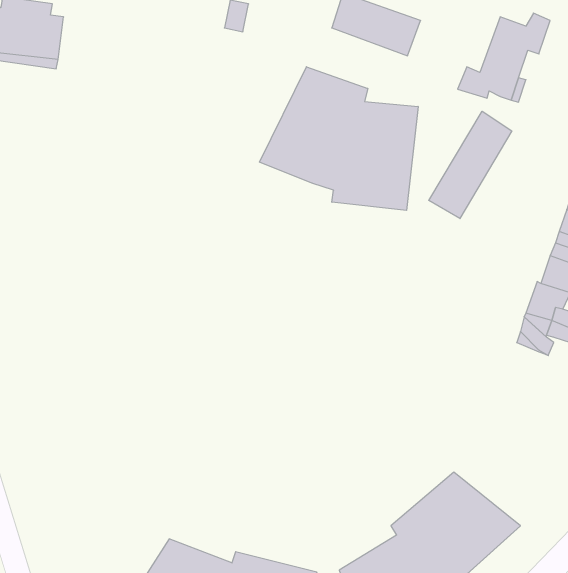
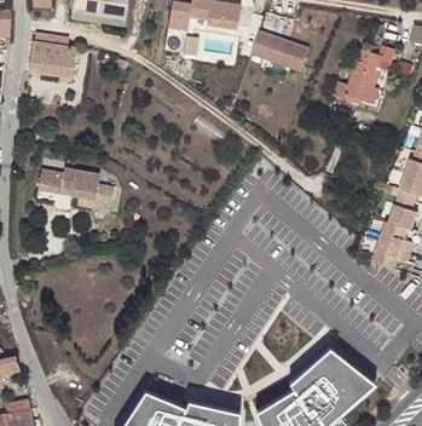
building: [259,67,418,210] -> none
building: [429,111,512,219] -> none
building: none -> [41,172,117,215]

